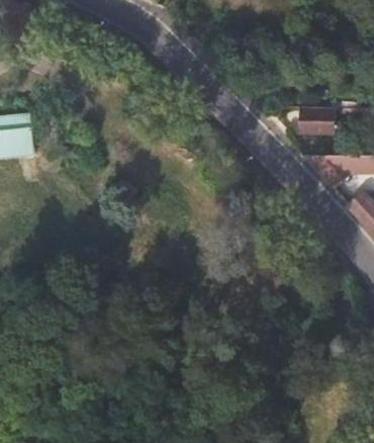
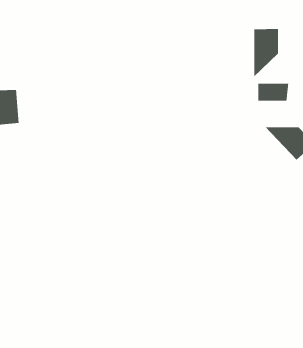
building: none -> [254,28,279,78]

